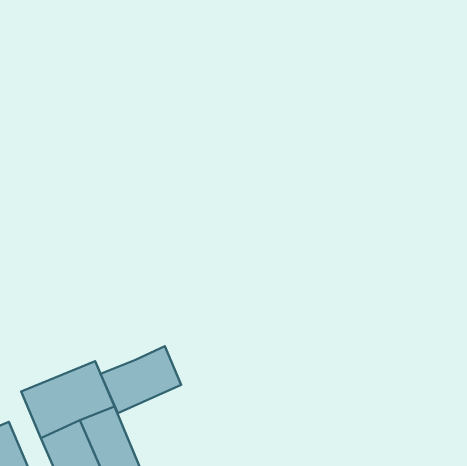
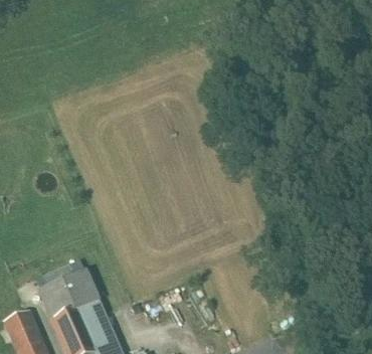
building: [100,346,181,413] -> none

